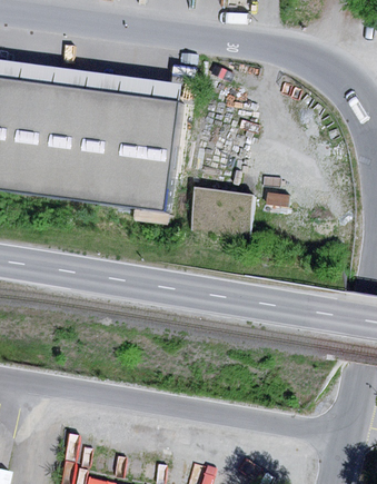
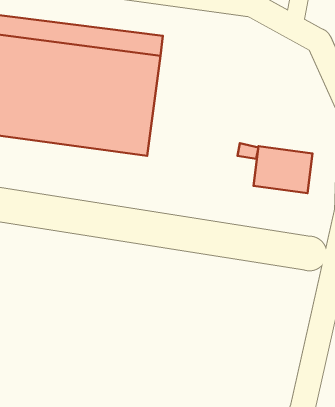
building: [189,187,252,237] -> [253,146,313,193]

